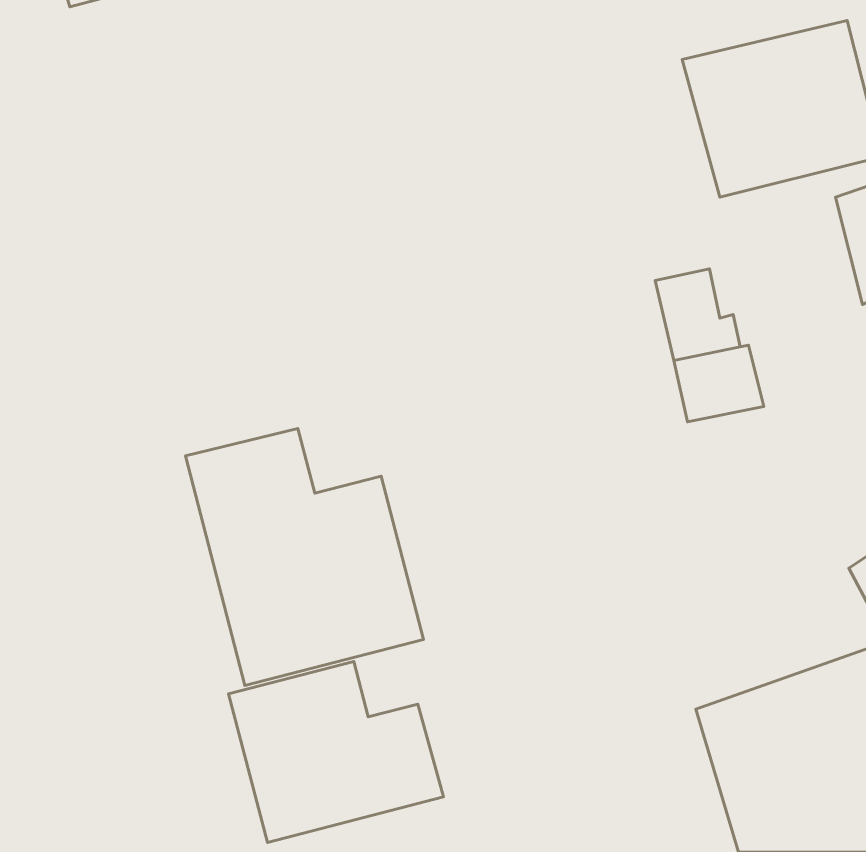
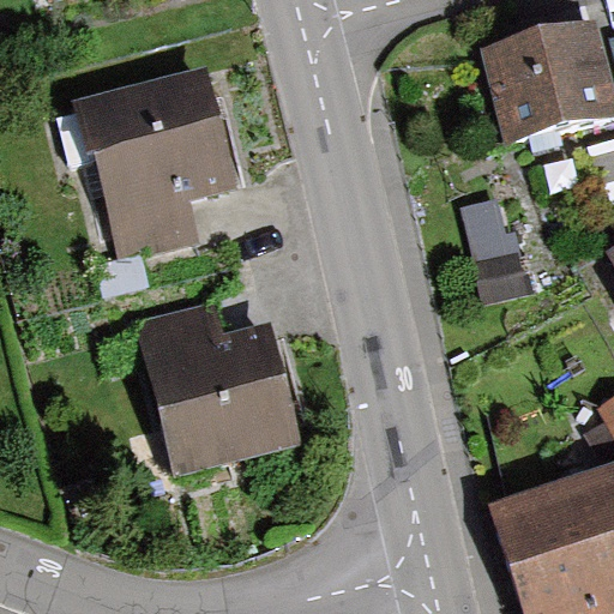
building: none -> [80,74,237,257]
building: [229,661,443,843] -> none

